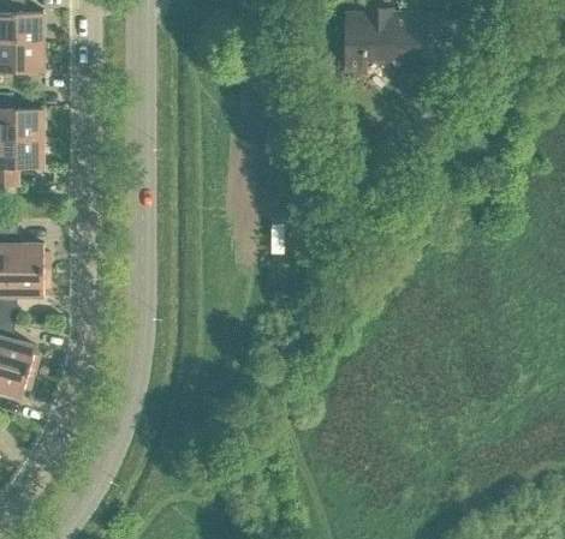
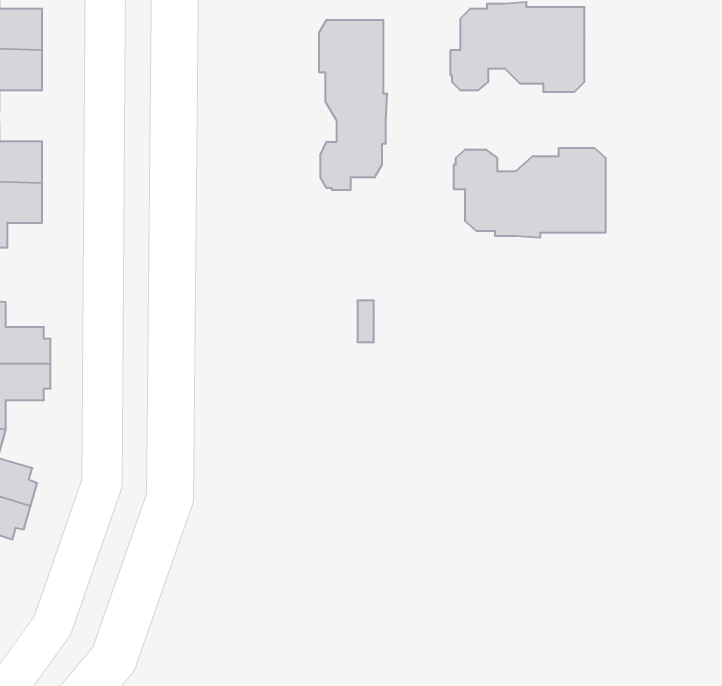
building: none -> [319,20,387,190]
building: none -> [454,148,606,238]

